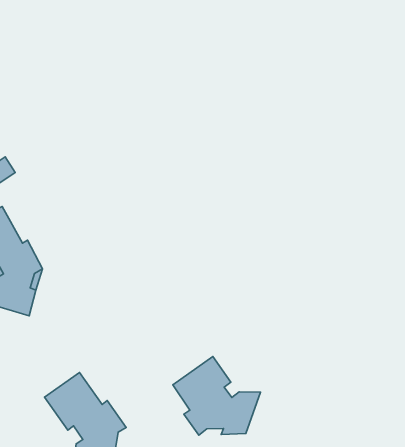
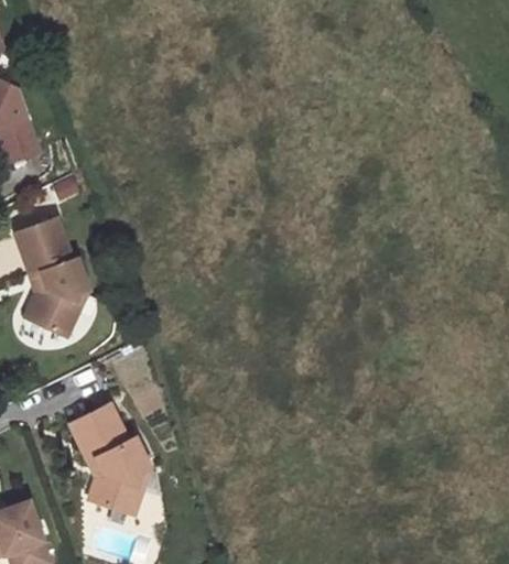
building: [173,356,261,435] -> none

